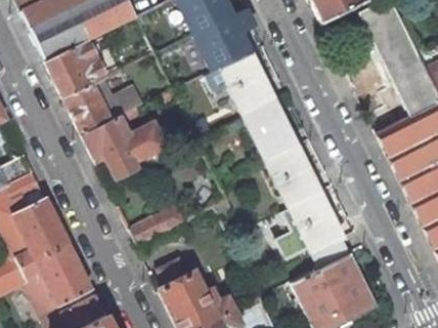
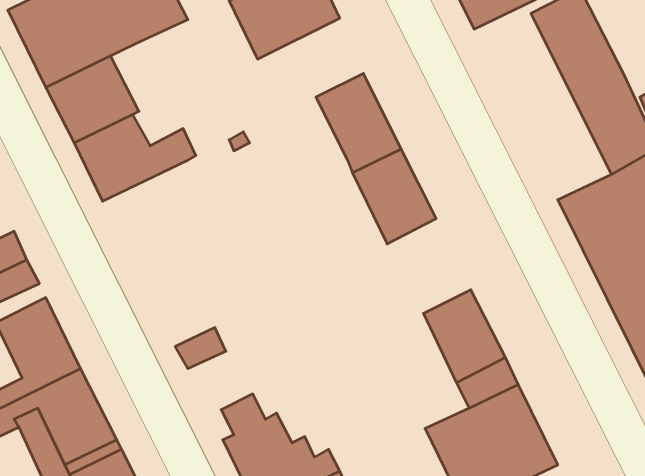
building: [183,9,258,77] -> none
building: [83,108,159,175] -> none
building: [267,146,321,207] -> none

